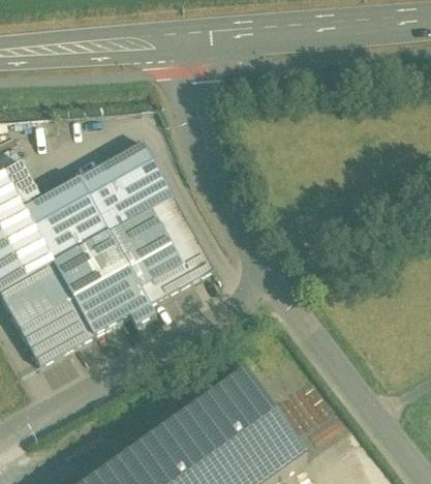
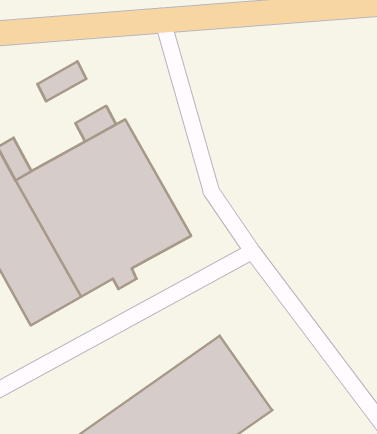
building: none -> [37,61,86,101]
building: none -> [75,106,116,142]

